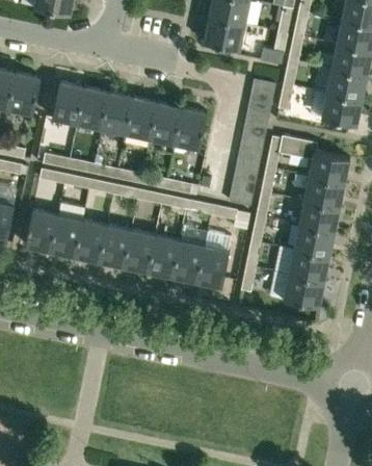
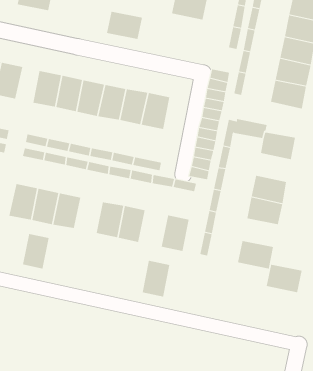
building: [203,18,244,50] -> [106,11,143,40]
building: [303,176,344,208] -> none
building: [99,226,130,266] -> [22,233,50,269]
building: [171,240,204,282] -> [142,260,170,297]
building: [288,250,329,282] -> [266,264,302,293]

